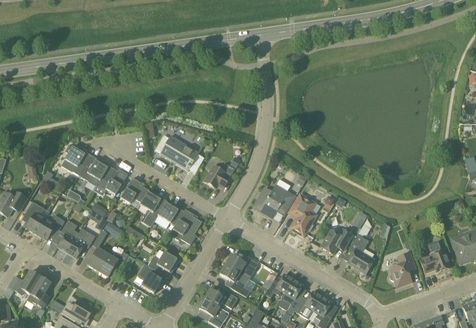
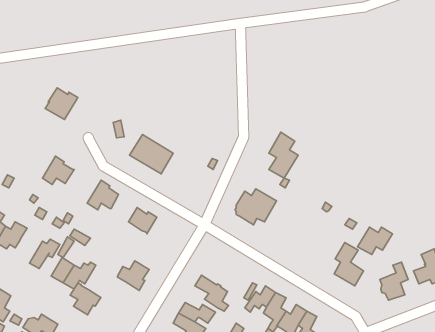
building: [61,145,91,174] -> [45,88,78,119]
building: [204,162,235,187] -> none
building: [94,164,127,195] -> none
building: [140,191,167,226] -> none
building: [289,193,316,235] -> [269,132,298,178]
building: [170,208,202,244] -> none
building: [52,219,79,252] -> none
building: [320,228,352,253] -> [358,227,392,254]
building: [225,253,258,278] -> none
building: [138,263,166,292] -> [70,283,101,315]

